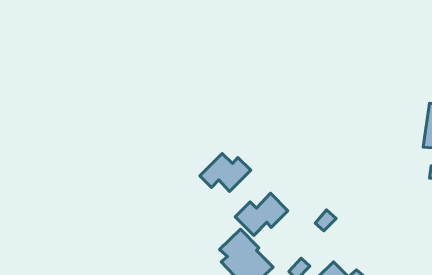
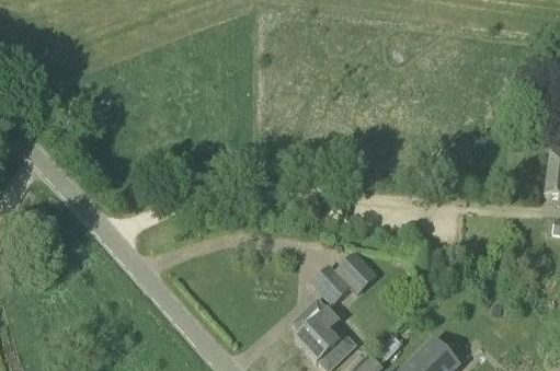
building: [200,153,251,192] -> none

